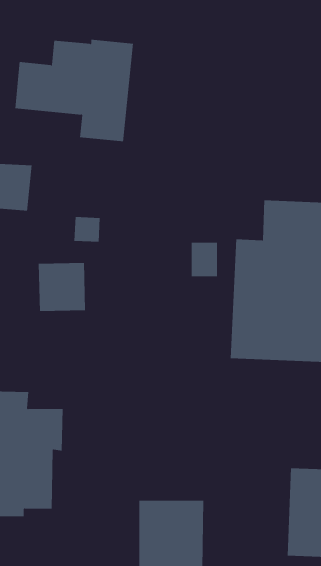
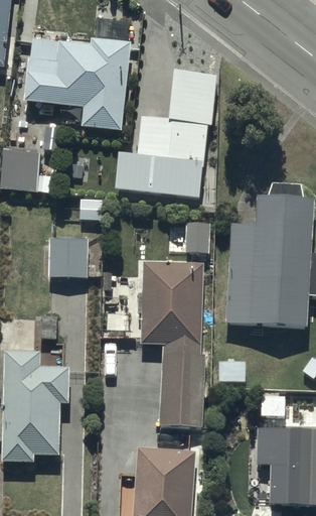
building: none -> [114,70,214,198]
building: none -> [139,262,206,425]

